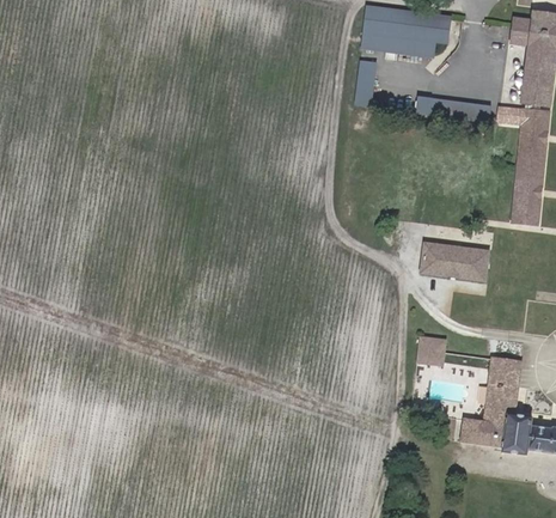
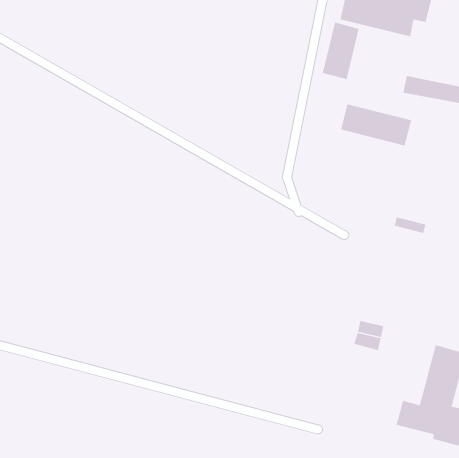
building: [418,248,487,282] -> [340,103,412,146]

